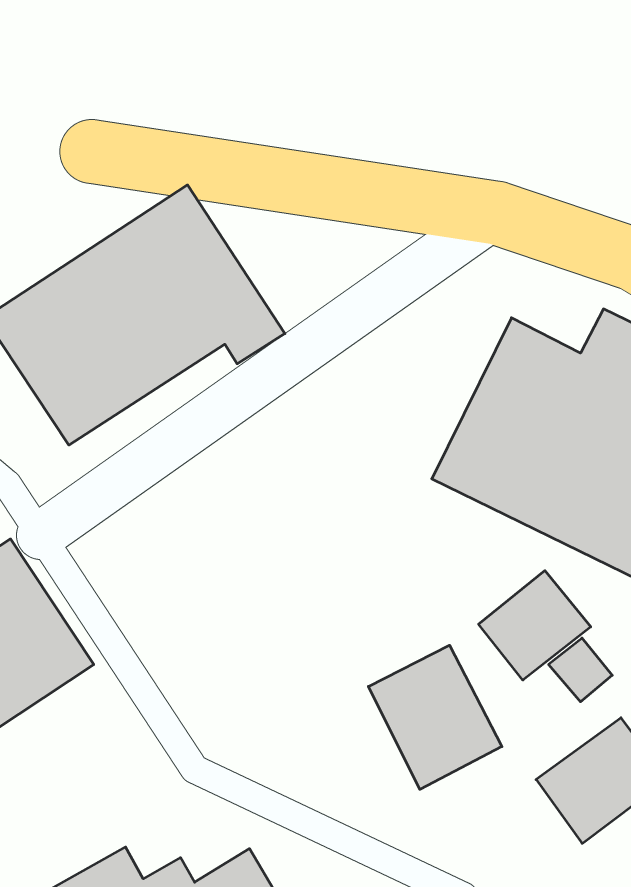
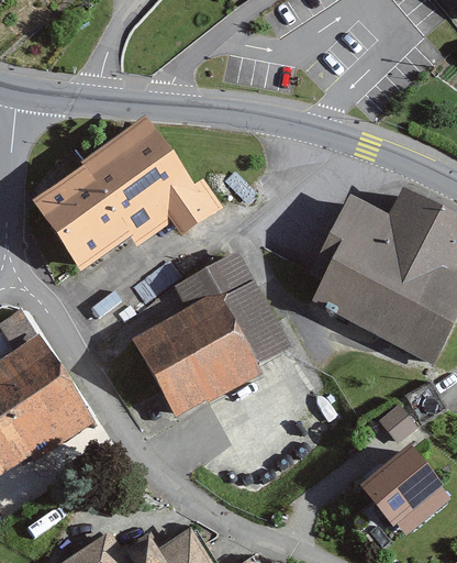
building: none -> [131,251,288,420]
building: [479,571,591,680] -> none
building: [368,645,502,789] -> none

